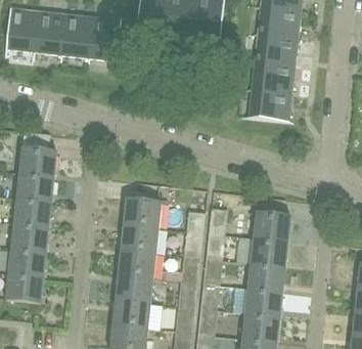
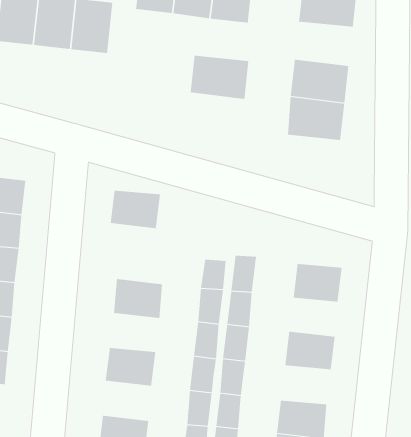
building: [255,33,299,66] -> [190,55,249,99]
building: [123,199,161,227] -> [110,190,161,229]
building: [251,237,287,266] -> none
building: [118,249,155,277] -> none
building: [244,288,282,316] -> none
building: [112,299,149,329] -> none

